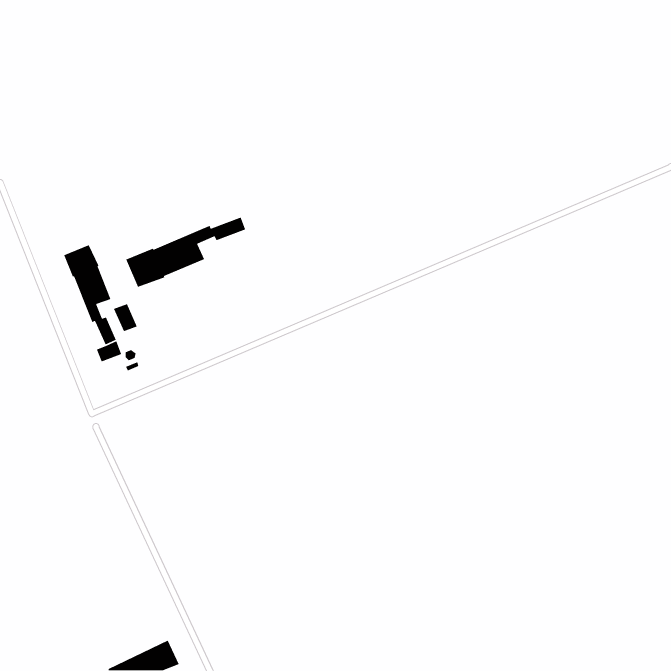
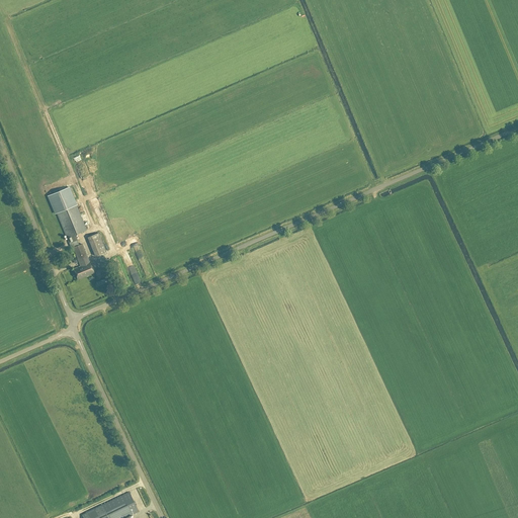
building: [125,217,246,288] -> none

